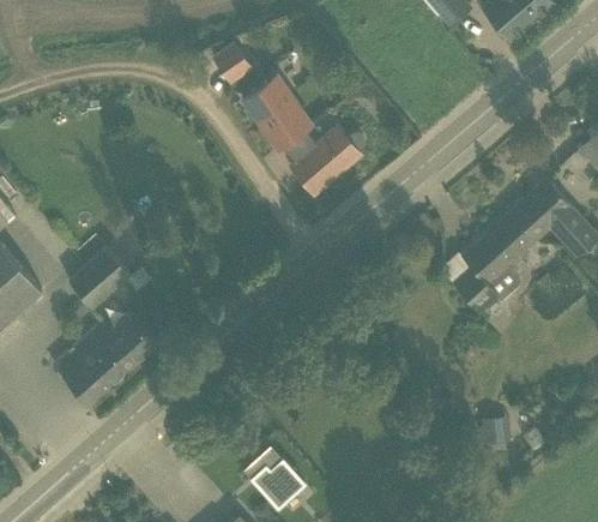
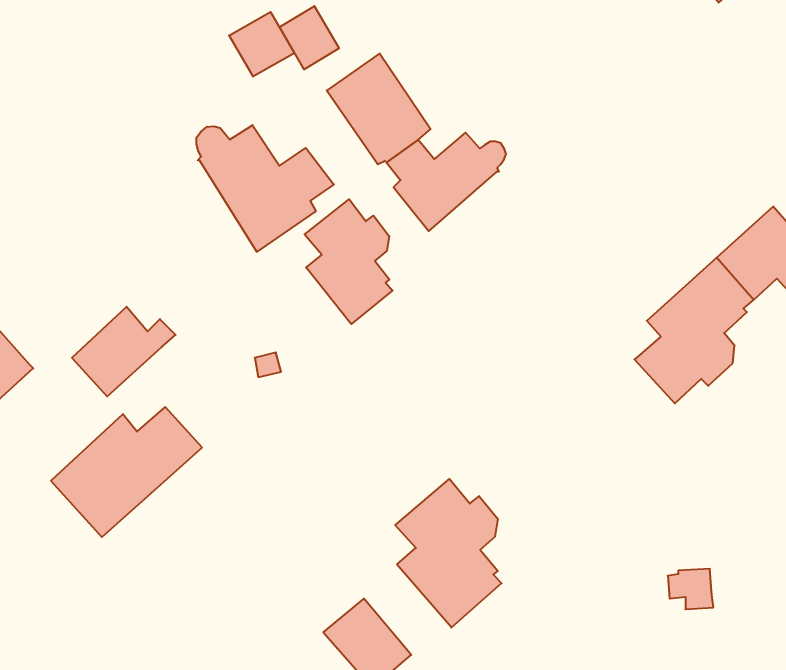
building: none -> [229,12,294,77]
building: none -> [196,125,334,252]
building: none -> [305,199,393,324]
building: none -> [395,479,502,628]

